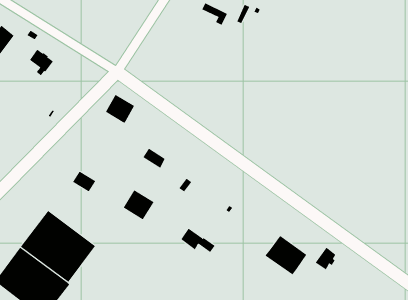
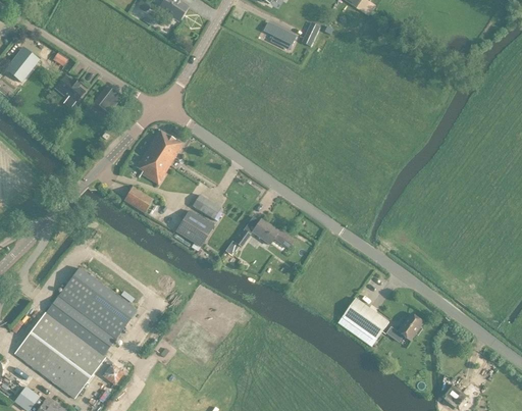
building: none -> [95,86,121,113]
building: none -> [137,151,169,185]
building: [72,171,96,192] -> [123,187,152,212]
building: [123,189,154,220] -> [175,210,213,247]
building: [181,228,216,253] -> [252,218,294,248]

